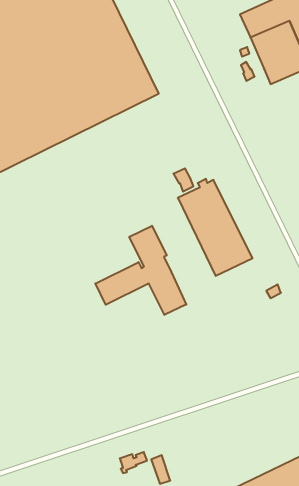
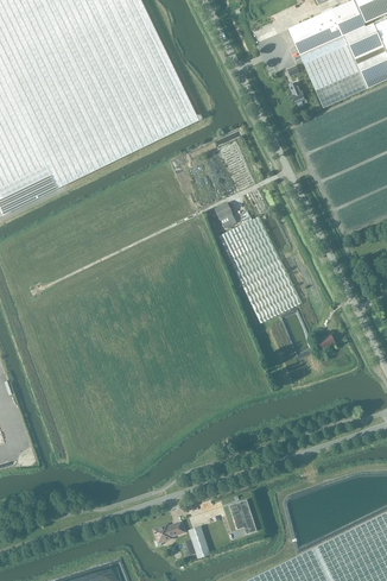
building: [95,226,186,315] -> none
building: none -> [229,498,256,532]

